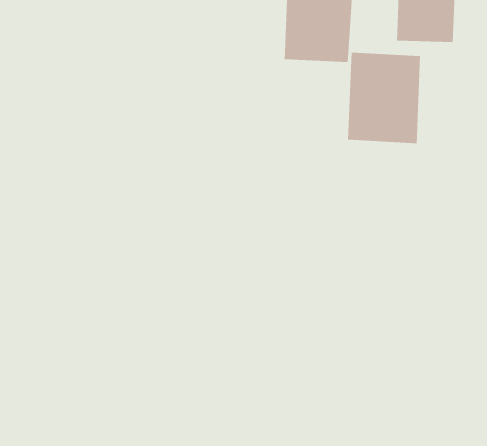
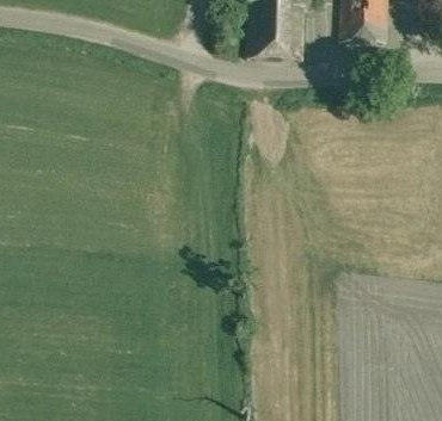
building: [347,52,421,144] -> none

